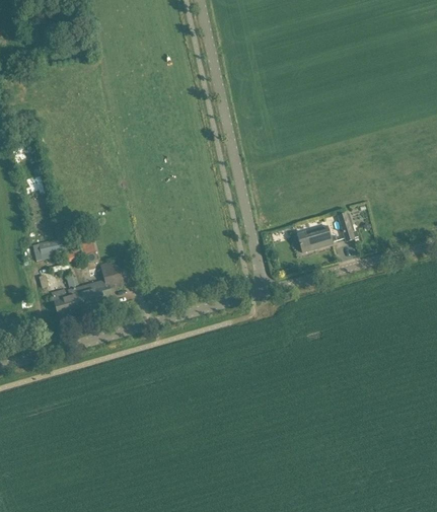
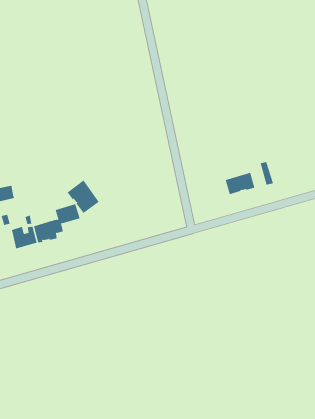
building: none -> [67,180,99,214]

